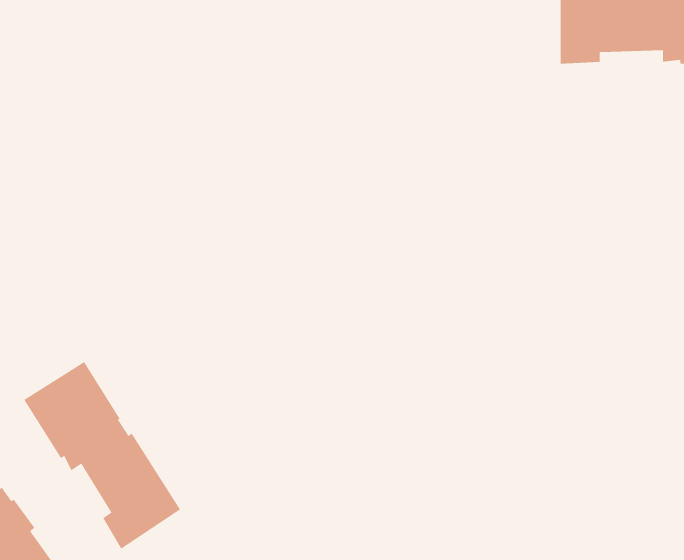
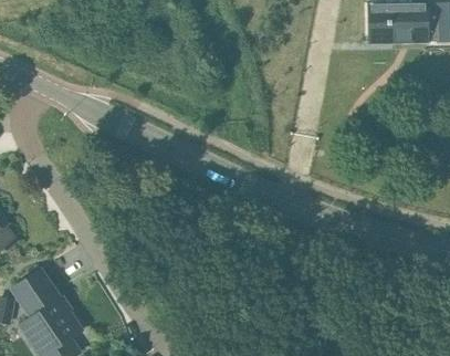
building: [24,361,181,550] -> none

